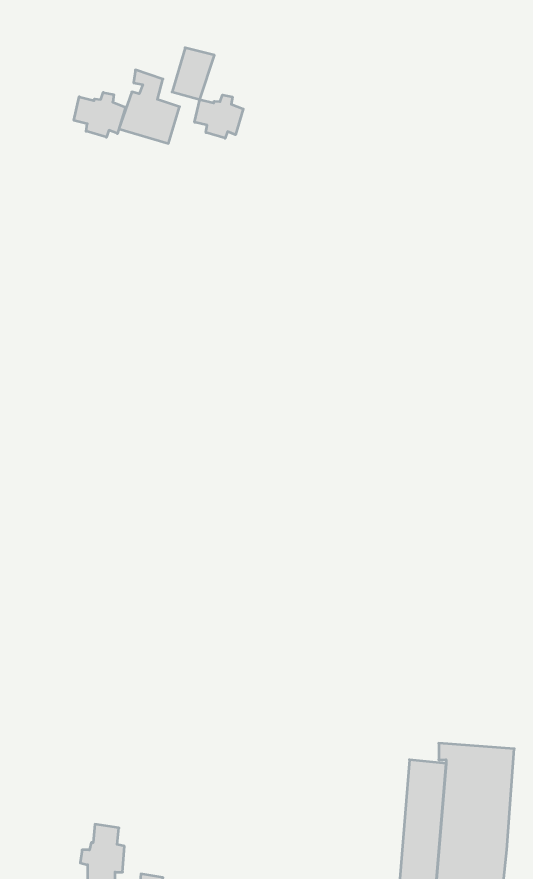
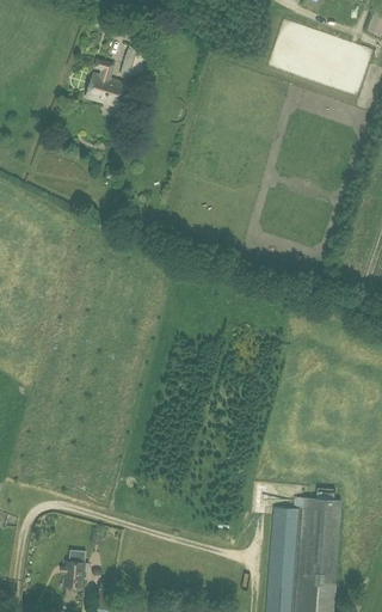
building: [74,92,125,137] -> none
building: [195,95,243,138] -> none

